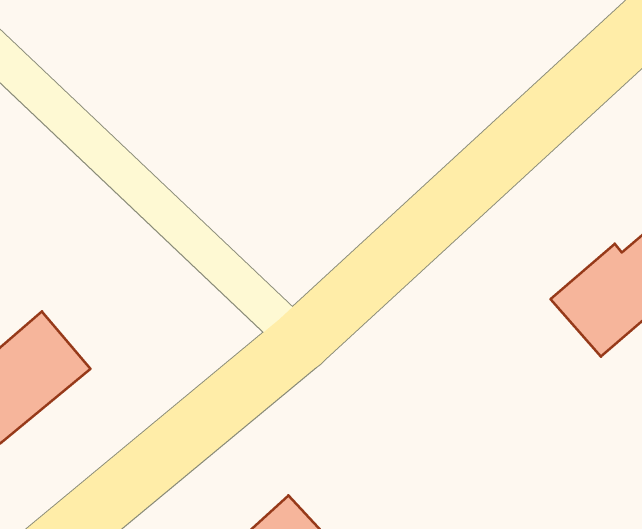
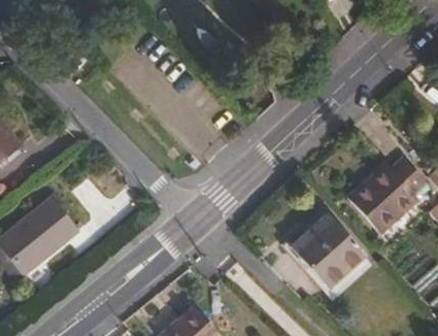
building: none -> [291,208,363,281]

